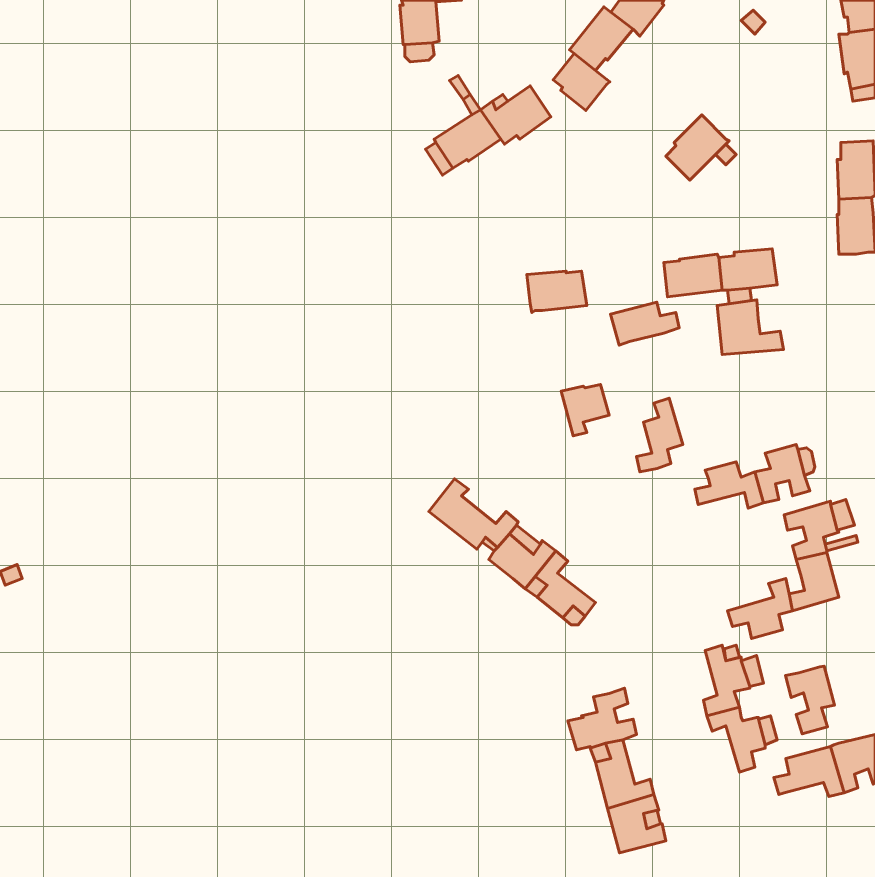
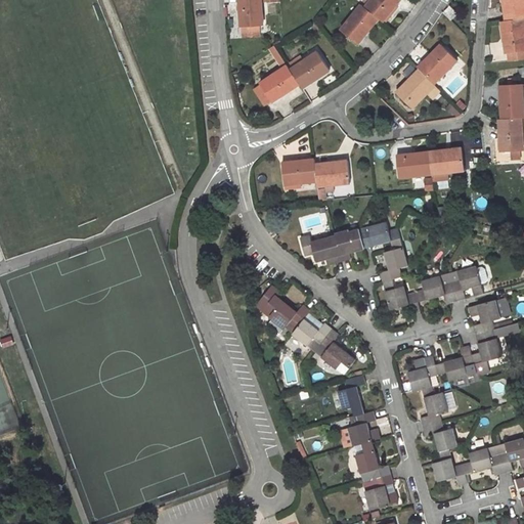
building: [553,53,610,110] -> none
building: none -> [419,44,456,83]
building: none -> [281,159,316,184]
building: [717,300,784,355] -> none
building: [611,302,679,345] -> [358,222,399,248]
building: none -> [299,233,342,263]
building: none -> [382,279,420,313]
building: none -> [407,355,437,391]
building: none -> [338,375,365,416]
building: [786,666,835,734] -> none
building: none -> [432,457,467,485]

